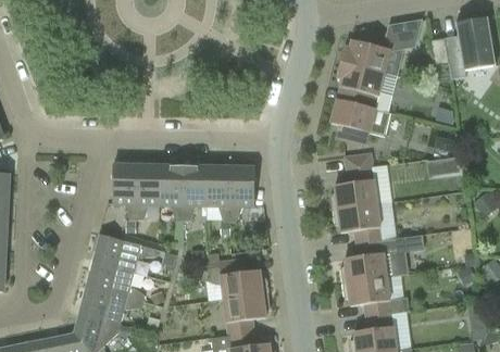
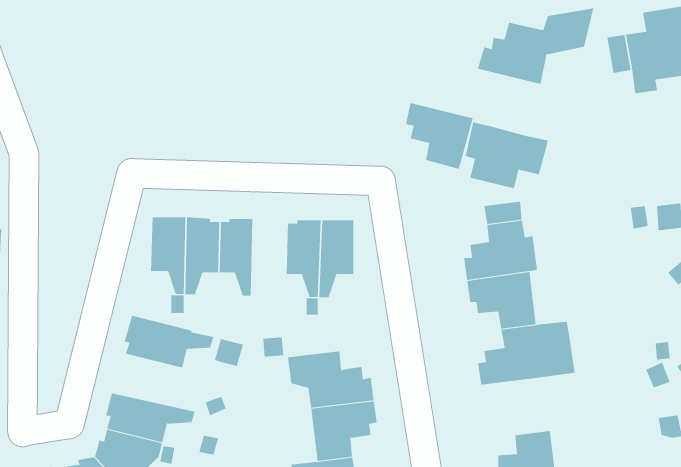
building: [337,61,385,108] -> [405,103,474,170]
building: [183,165,208,219] -> none
building: [85,260,145,300] -> none
building: [342,276,409,316] -> none

